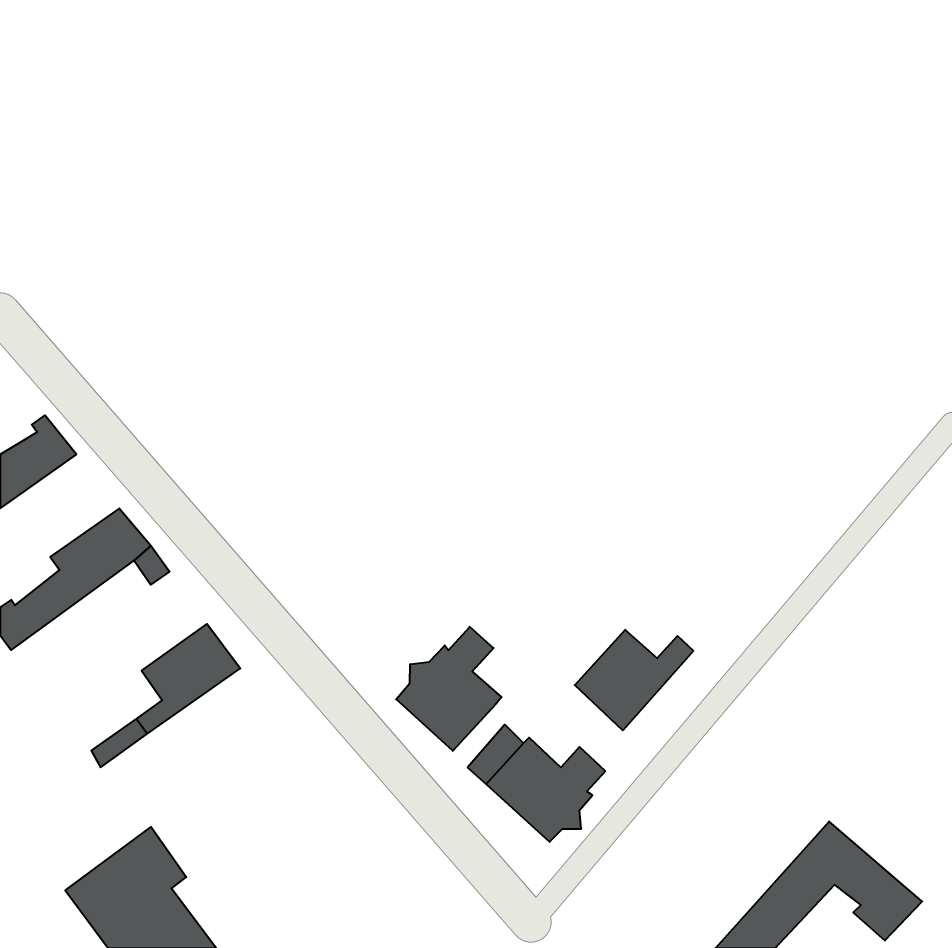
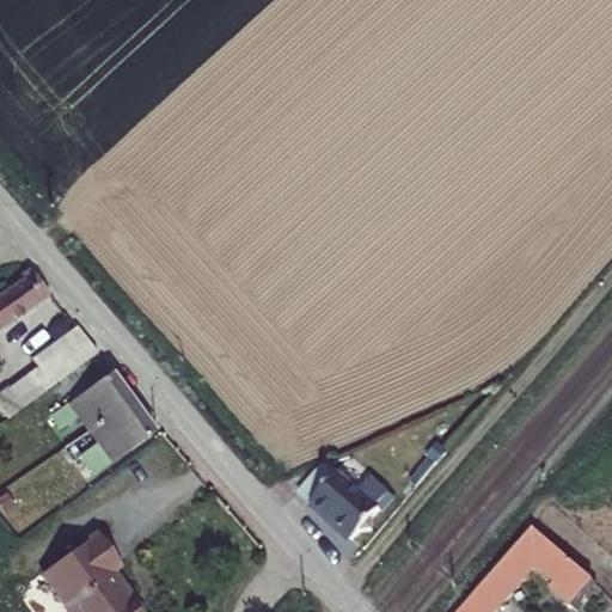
building: none -> [53,372,133,430]
building: [396,627,502,751] -> none
building: [575,630,693,730] -> none

